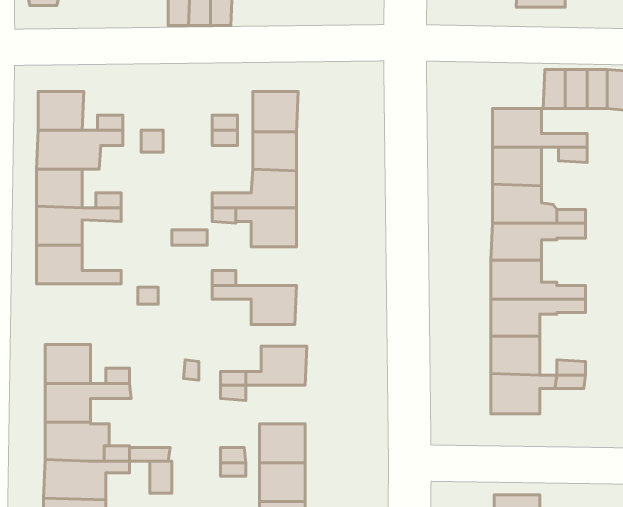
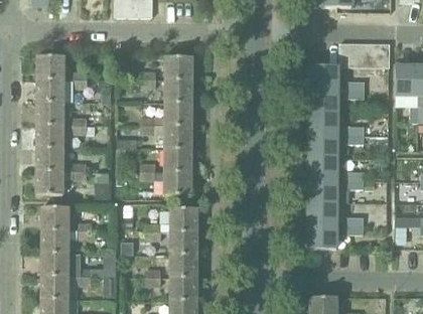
building: none -> [164,149,191,172]
building: none -> [36,171,87,195]
building: none -> [169,231,196,255]

